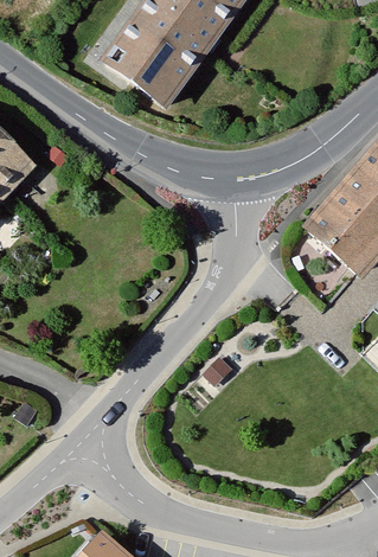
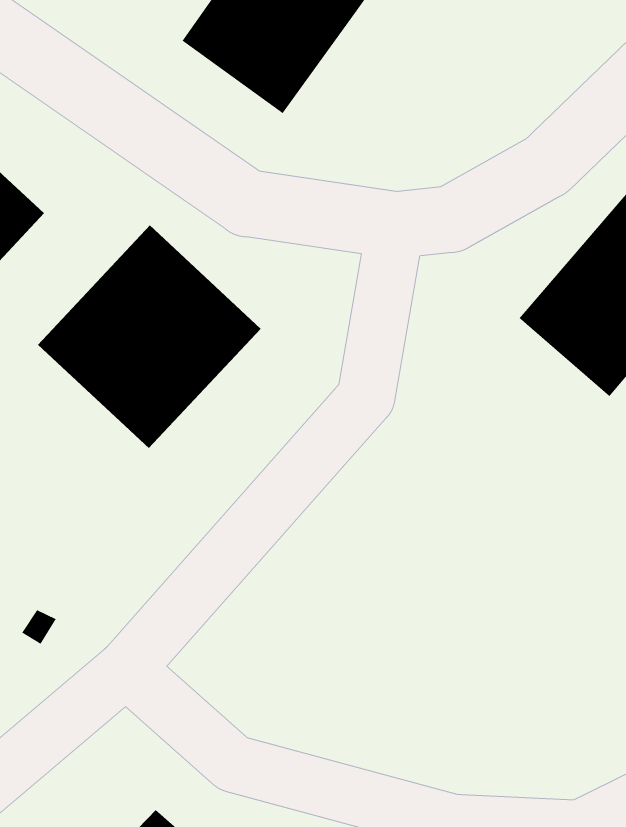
building: none -> [37,225,262,449]

